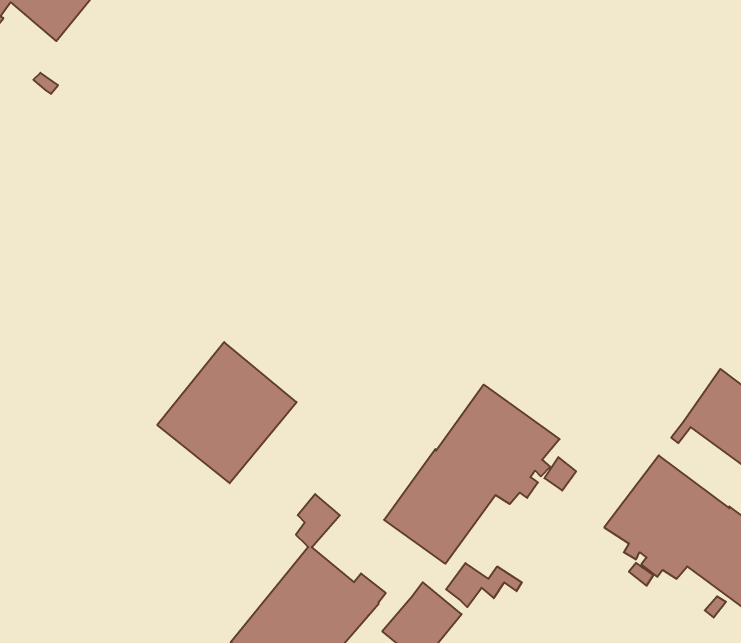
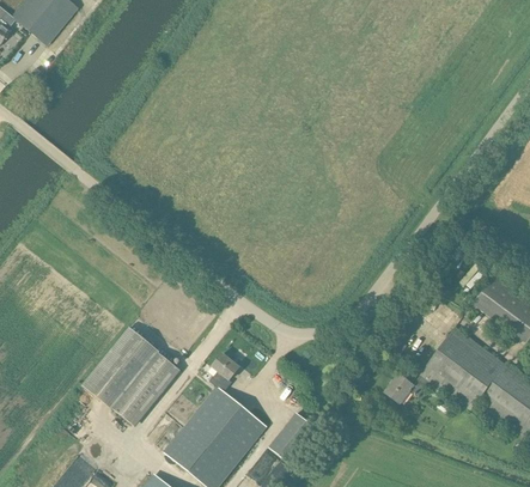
building: [157,342,297,483] -> [83,328,177,424]
building: [384,385,560,564] -> none
building: [446,563,522,607] -> [384,373,435,403]

